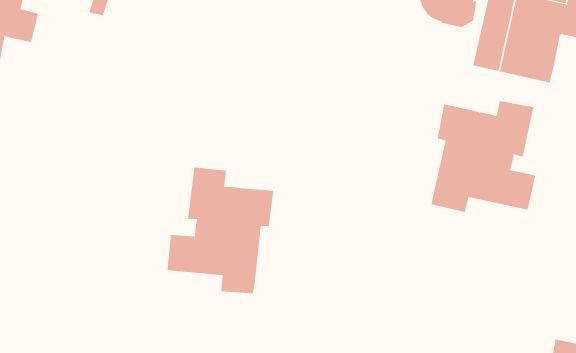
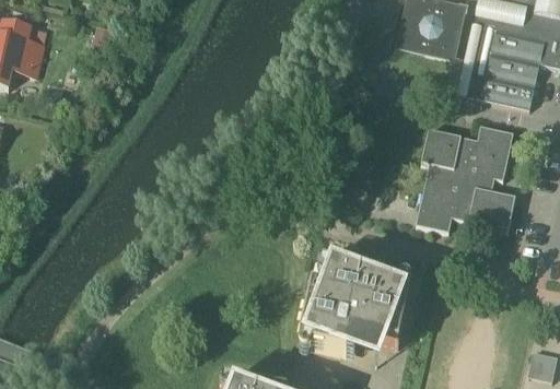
building: [167,166,274,294] -> none
building: none -> [300,259,410,353]

